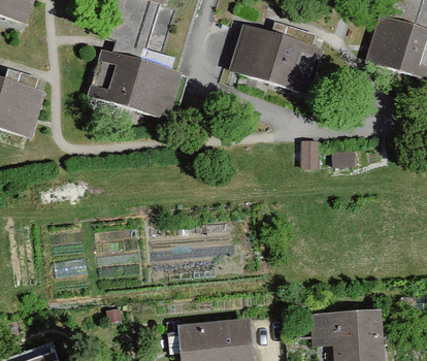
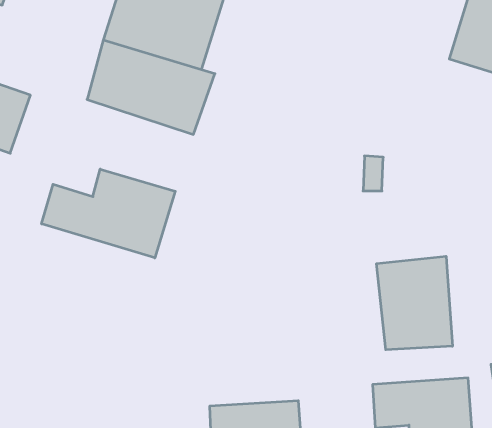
building: [227,23,325,96] -> none
building: none -> [42,169,175,258]
building: none -> [377,256,452,350]

